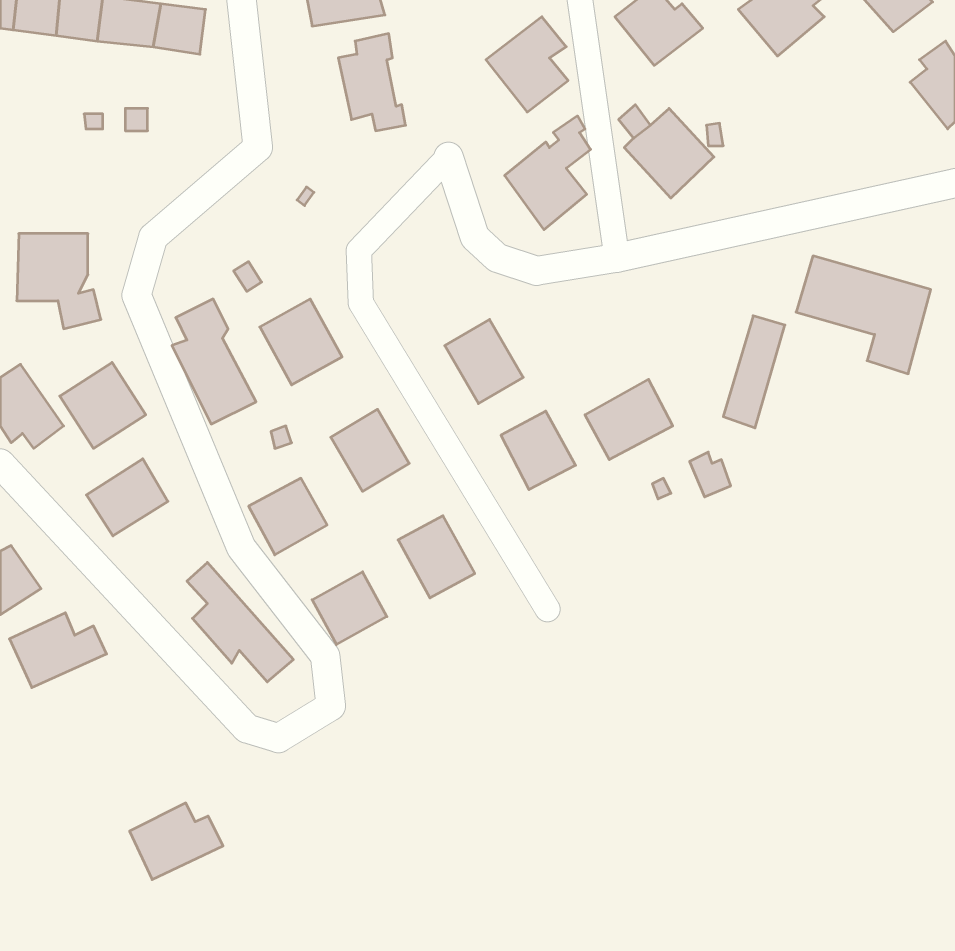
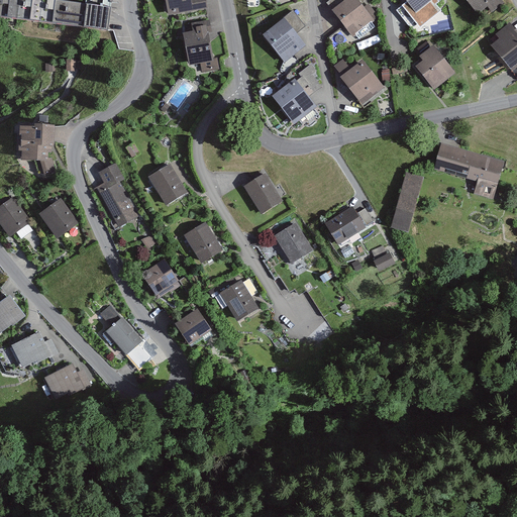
building: none -> [416,36,457,89]
building: [86,459,168,536] -> none
building: [130,803,223,880] -> [40,361,91,403]

